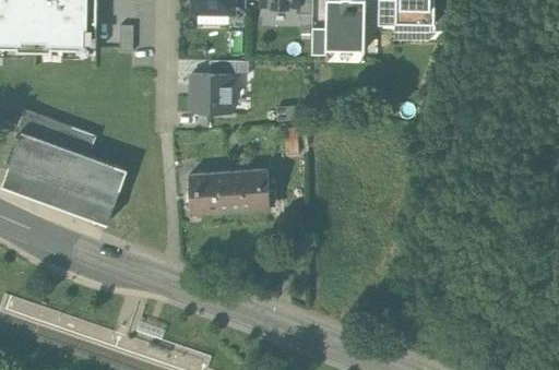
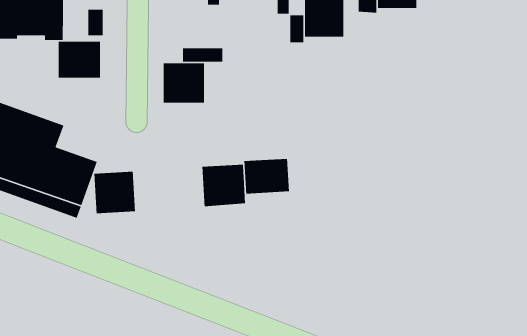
building: none -> [58,41,101,79]
building: none -> [244,158,290,194]
building: [188,175,228,216] -> [94,171,136,214]

